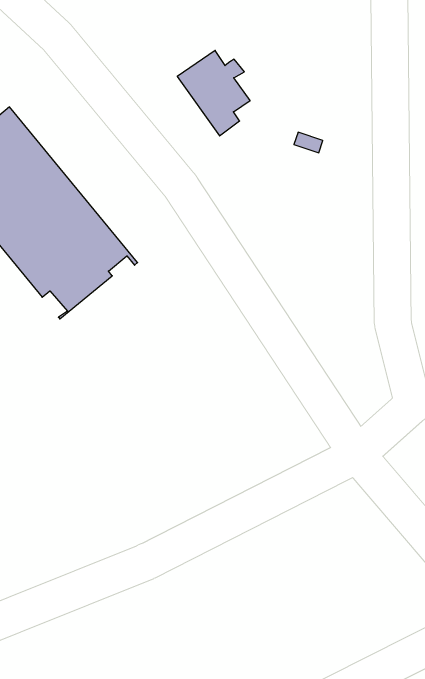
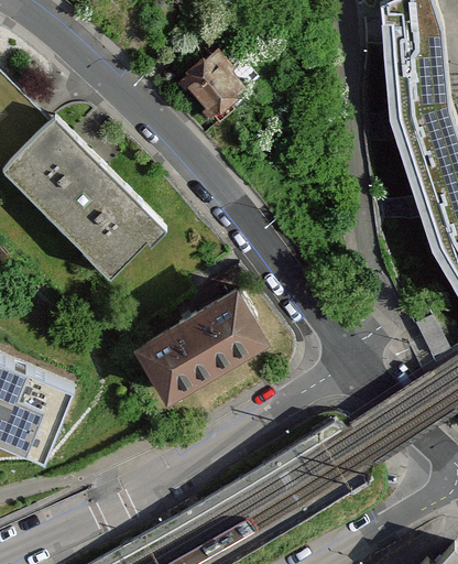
building: none -> [139,293,260,397]

